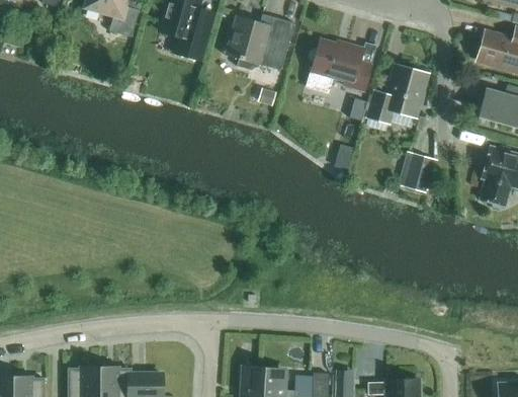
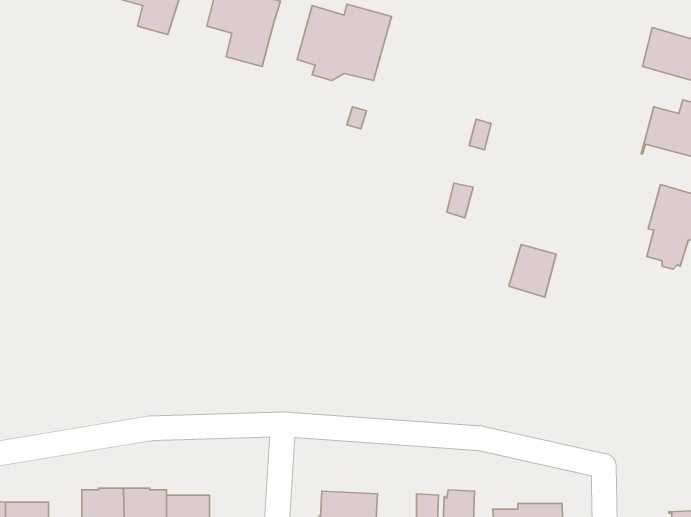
building: [308,39,371,90] -> none
building: [368,66,426,123] -> none
building: [399,153,433,191] -> [509,245,556,297]

